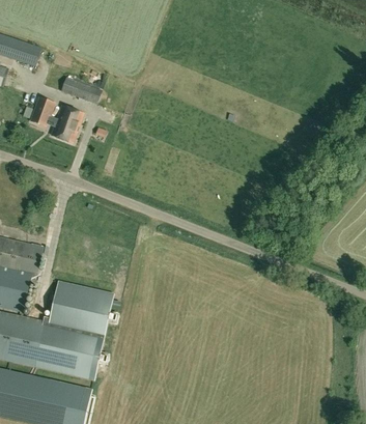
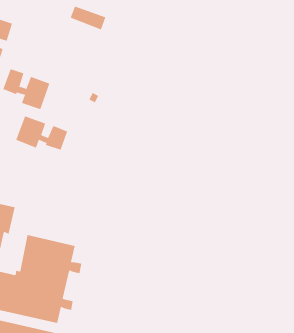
building: [60,77,101,104] -> [70,6,106,30]
building: none -> [16,116,68,151]

